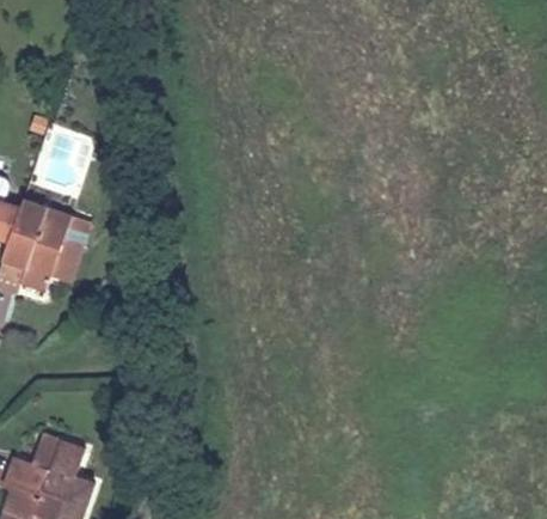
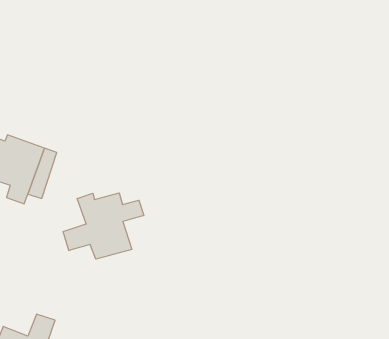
building: none -> [63,193,144,259]

